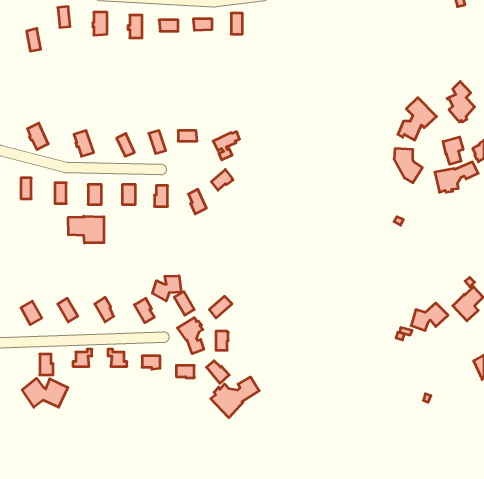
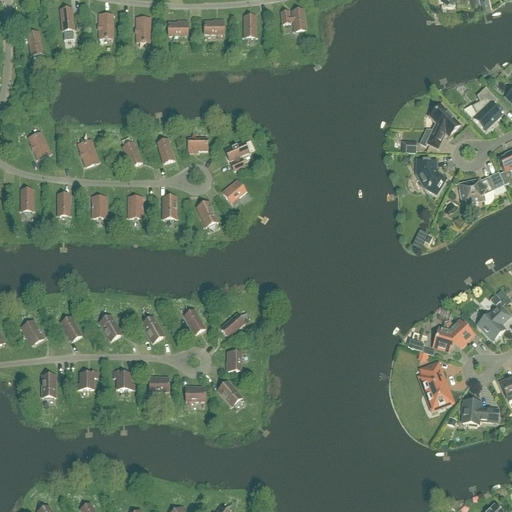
building: none -> [281,8,306,30]
building: [443,137,463,164] -> none
building: [68,216,104,243] -> none
building: [152,276,181,301] -> none
building: [177,318,204,354] -> none
building: none -> [422,364,452,406]
building: [211,377,259,418] -> none
building: none -> [462,399,499,425]
building: [22,378,68,407] -> none

